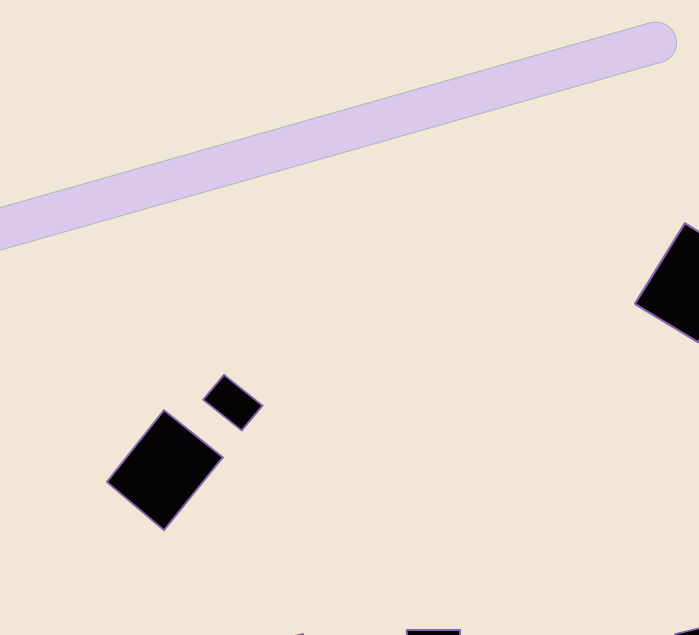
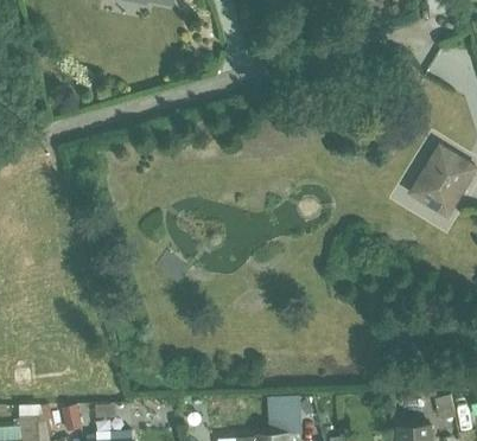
building: [107,410,223,530] -> none

